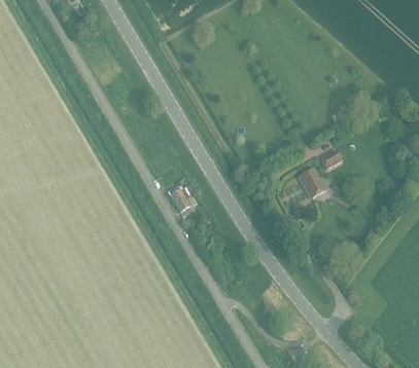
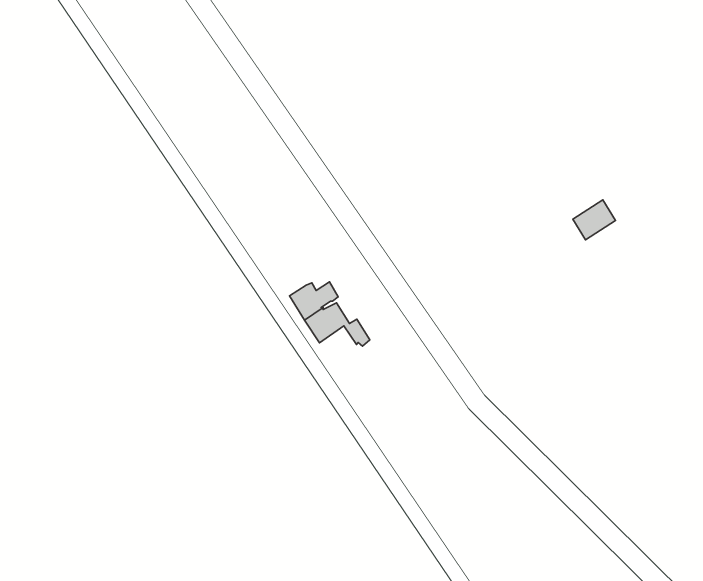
building: [298,169,324,195] -> none

